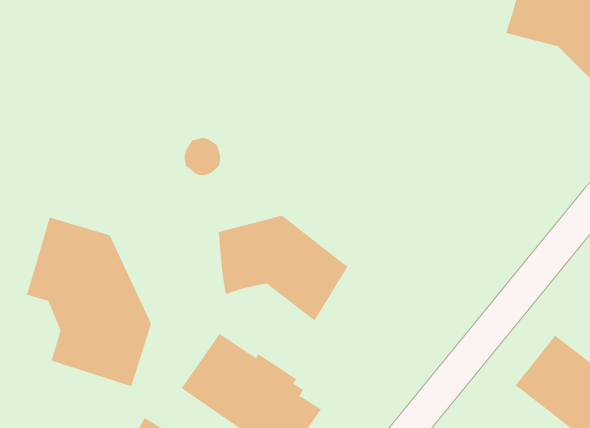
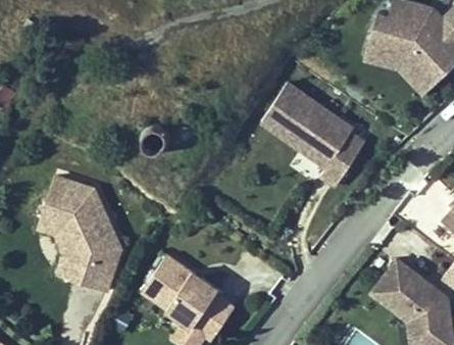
building: none -> [262,87,367,185]
building: [218,215,348,321] -> none

